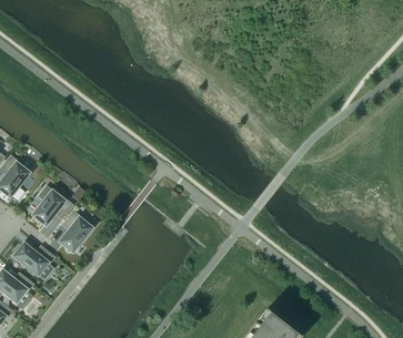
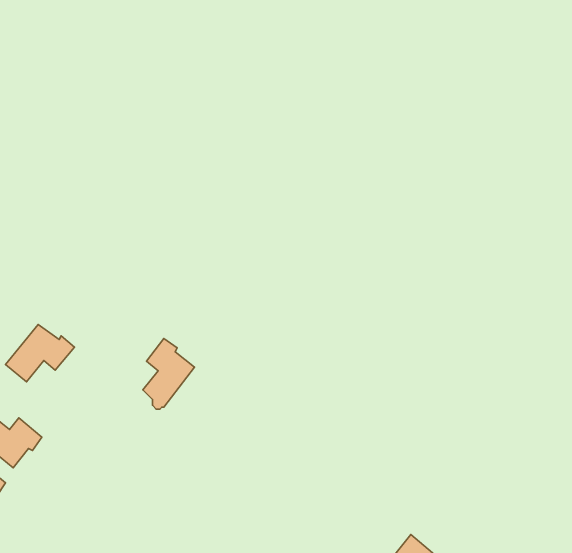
building: [62,212,92,253] -> [143,338,194,409]

